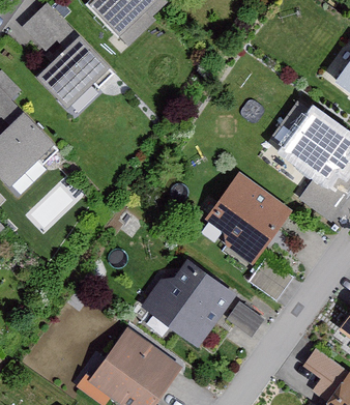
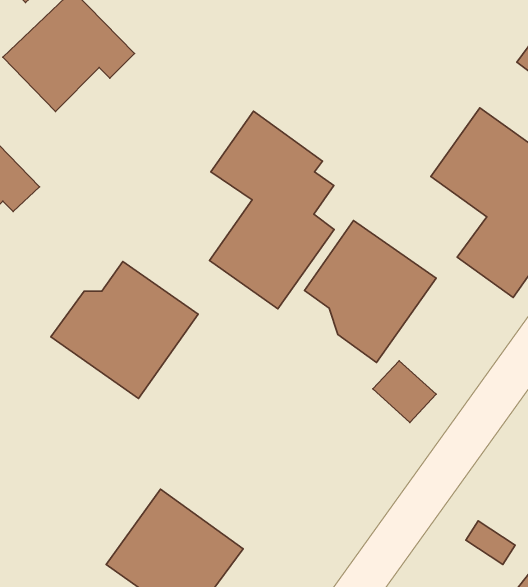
building: none -> [209,111,334,309]
building: [145,261,232,342] -> [51,261,198,398]

